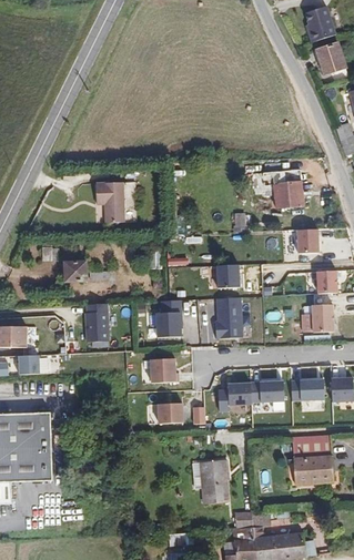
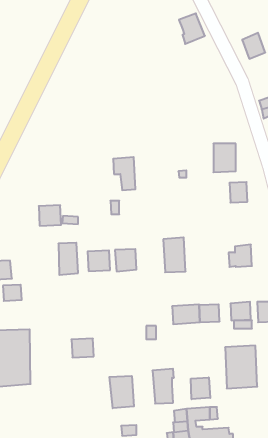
building: [300,7,332,44] -> [179,13,205,44]
building: [91,183,119,224] -> [113,157,135,190]
building: [212,265,235,288] -> none
building: [316,269,337,294] -> none
building: [149,357,176,383] -> [88,250,110,271]
building: [156,401,184,425] -> [71,339,94,357]
building: none -> [109,376,134,408]
building: none -> [191,377,210,399]

